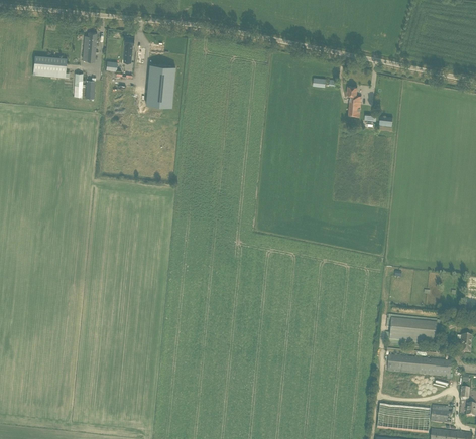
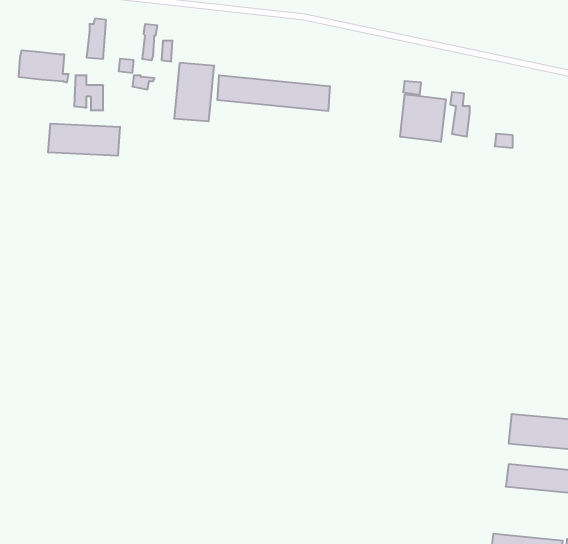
building: none -> [217,75,330,111]
building: none -> [400,94,446,142]
building: none -> [48,124,120,156]

